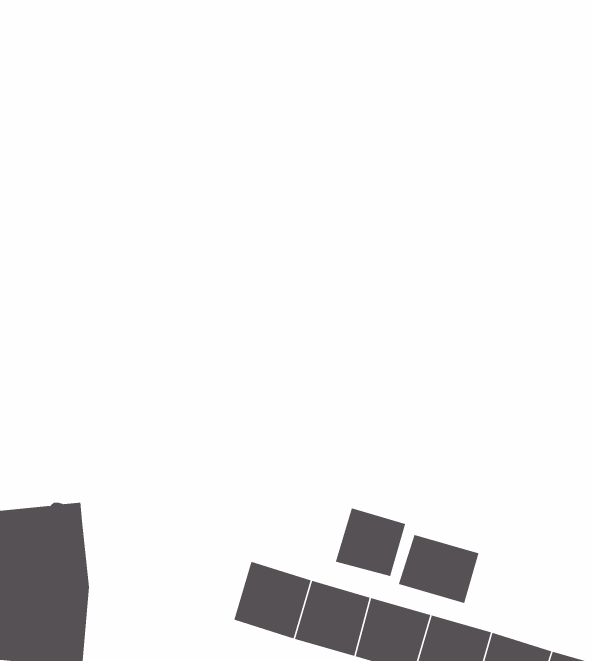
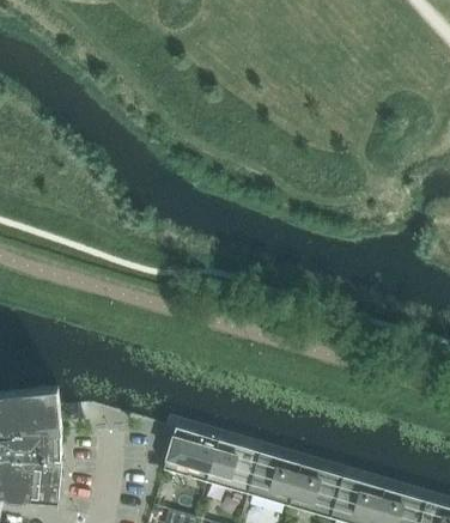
building: [335,508,406,577] -> none
building: [398,534,479,604] -> none

